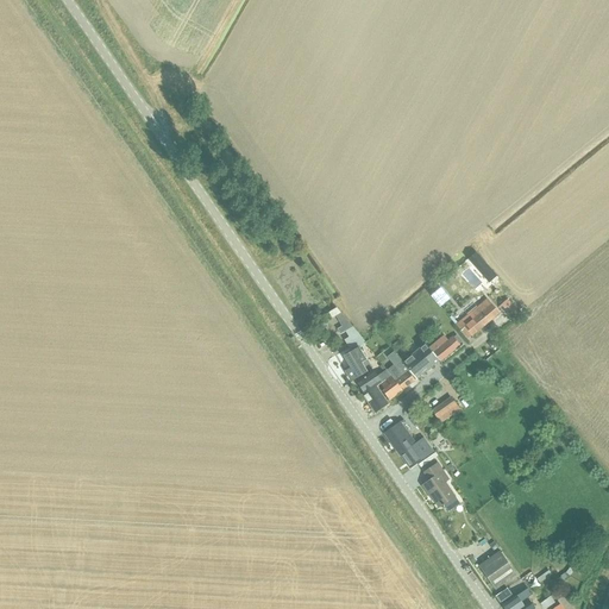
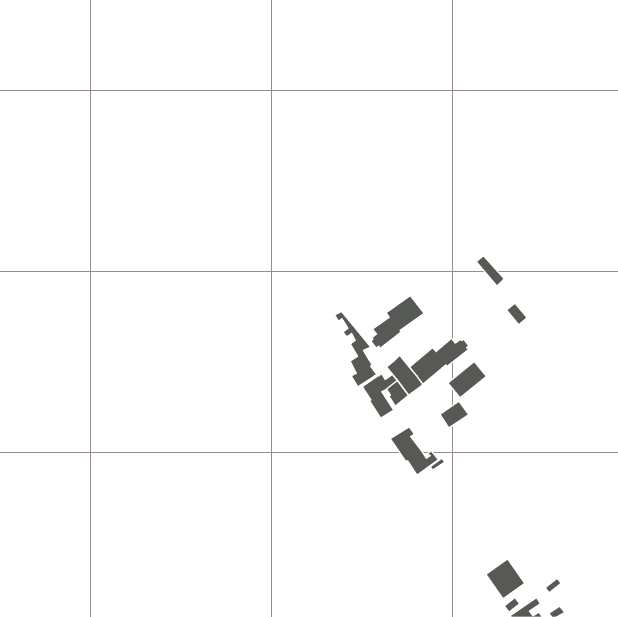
building: none -> [371,295,424,349]
building: [459,297,497,333] -> [448,361,486,398]
building: [420,460,459,509] -> none

